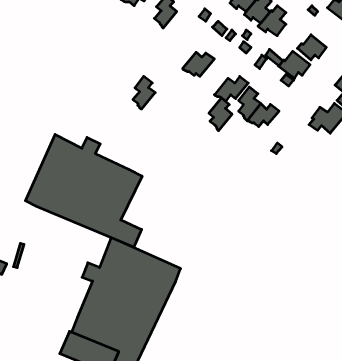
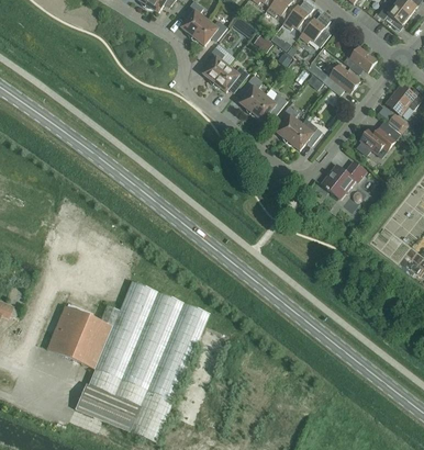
building: none -> [191,19,227,45]
building: [133,76,155,109] -> [203,46,228,83]
building: [209,98,232,131] -> [238,76,265,113]
building: [25,134,142,247] -> none
building: none -> [324,160,366,198]
building: none -> [46,305,111,367]

